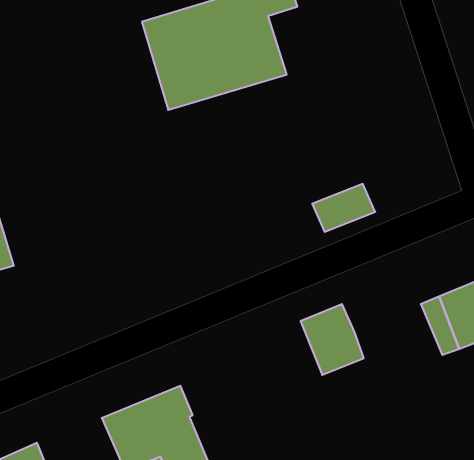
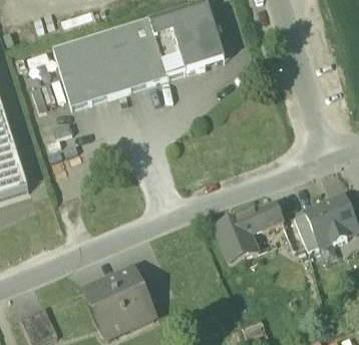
building: none -> [194,21,225,65]
building: none -> [53,31,128,106]
building: [312,184,375,232] -> [242,202,283,233]

